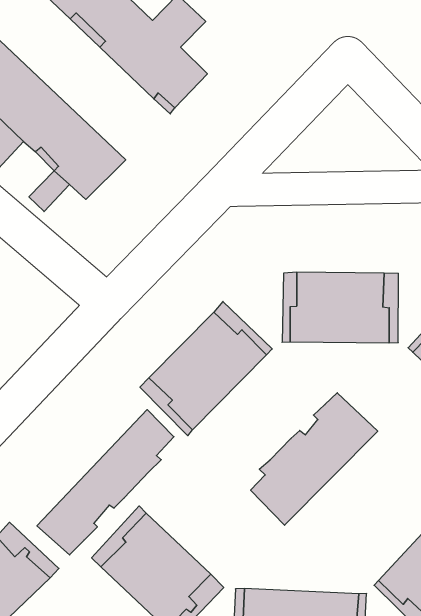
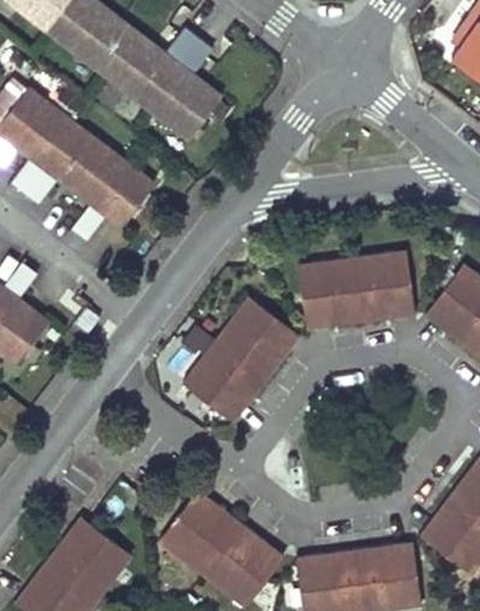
building: [251,393,378,525] -> none
building: [37,410,174,555] -> none

